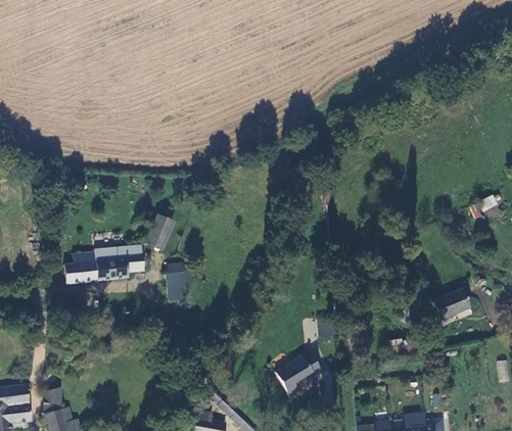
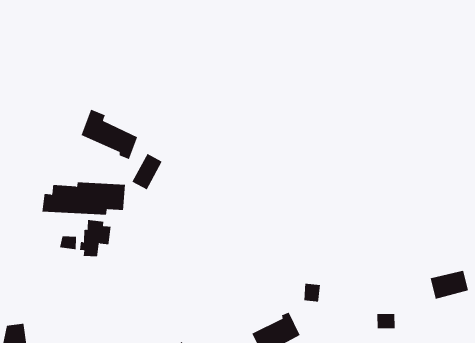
building: none -> [81,109,138,160]
building: [162,267,190,301] -> [79,219,111,257]

